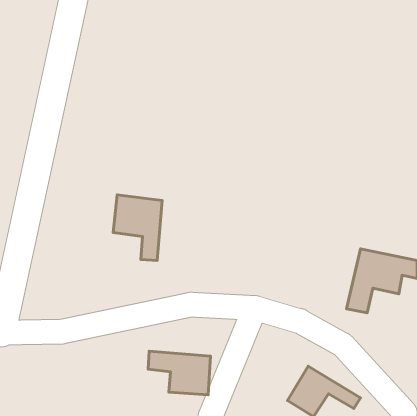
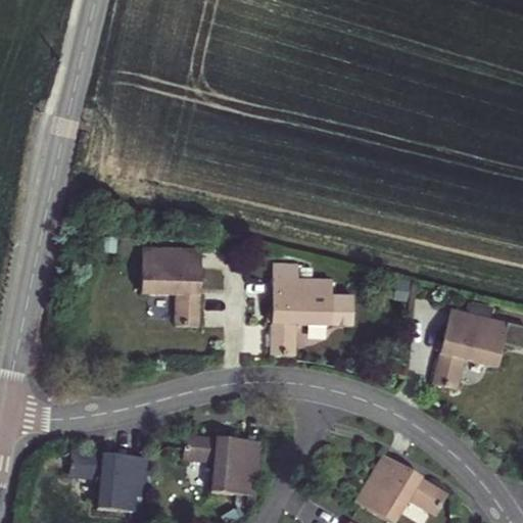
building: none -> [272,258,352,349]
building: none -> [70,455,149,514]

